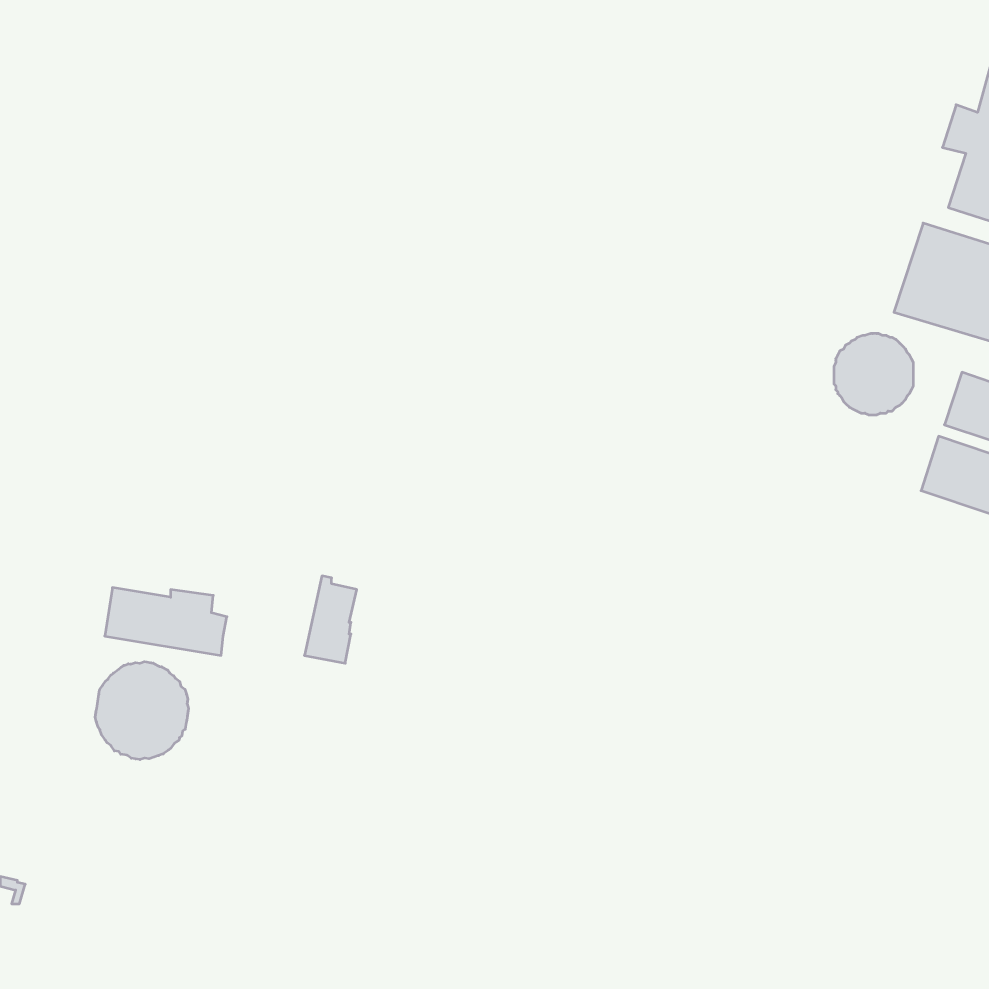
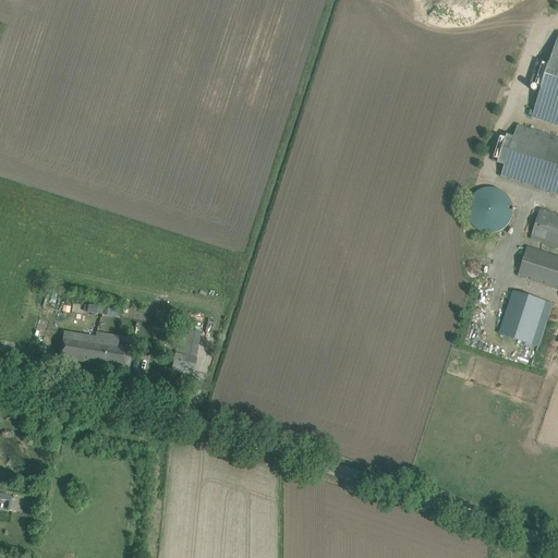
building: none -> [499,290,547,344]
building: [95,662,189,760] -> none

